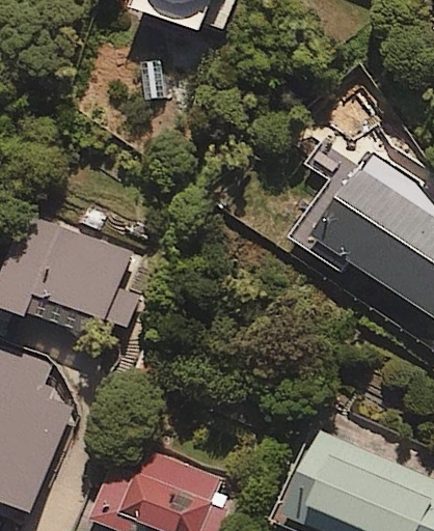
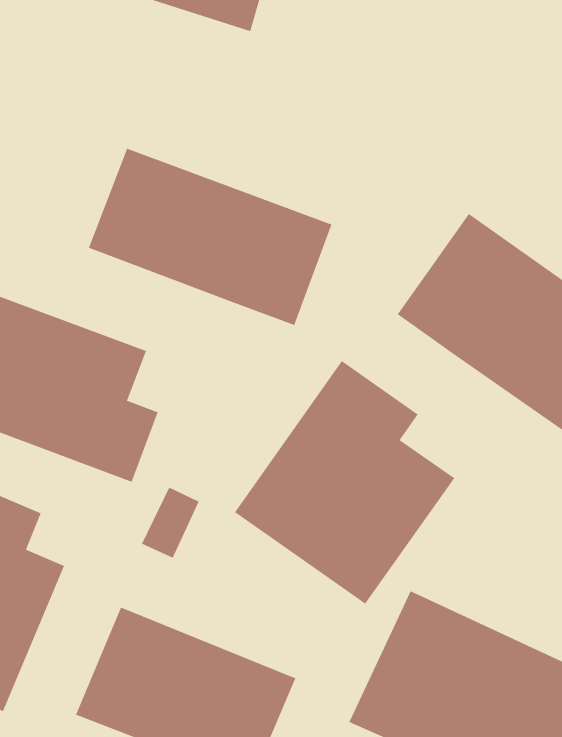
building: none -> [88,148,332,326]
building: none -> [234,360,455,605]

